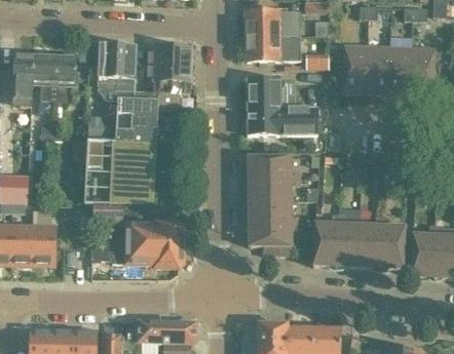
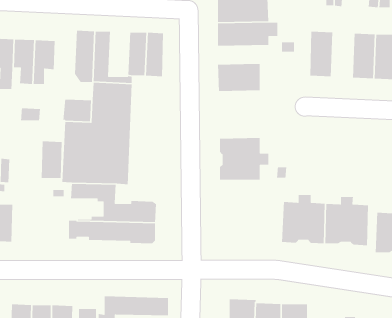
building: [365,45,388,93] -> none
building: [247,107,327,134] -> none
building: [248,200,300,245] -> none
building: [32,225,54,265] -> [41,140,63,179]

